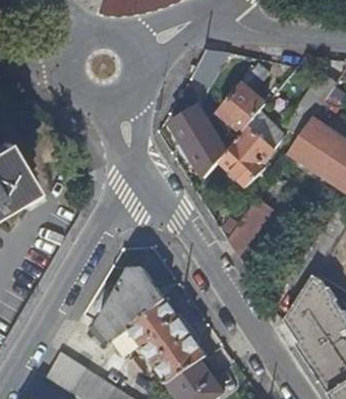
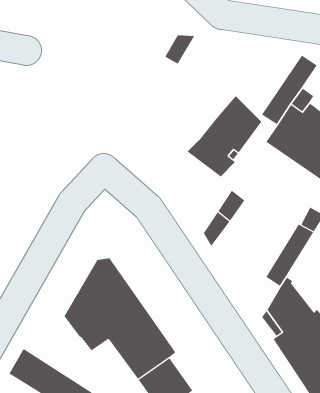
building: [221,64,270,132] -> none
building: [173,110,227,175] -> none

